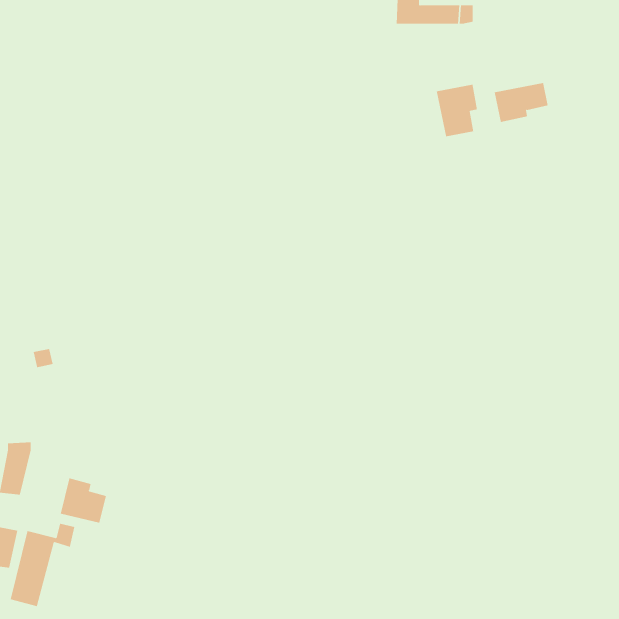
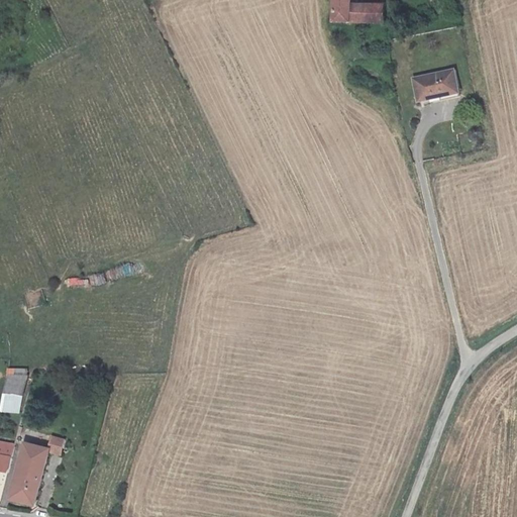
building: [436,84,477,137] -> none
building: [60,477,107,524] -> none

